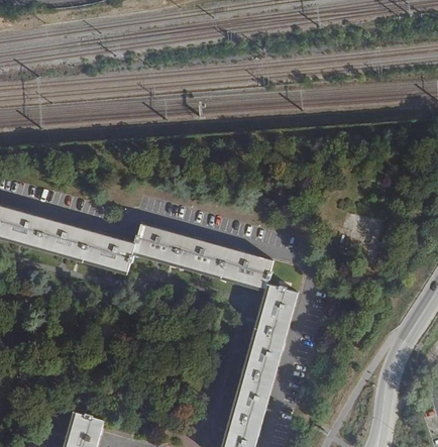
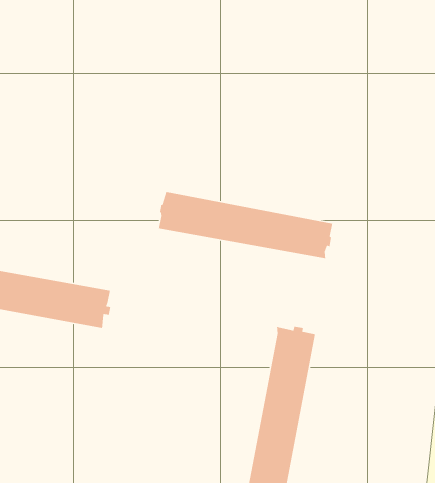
building: [134,224,275,290] -> [158,191,333,259]

